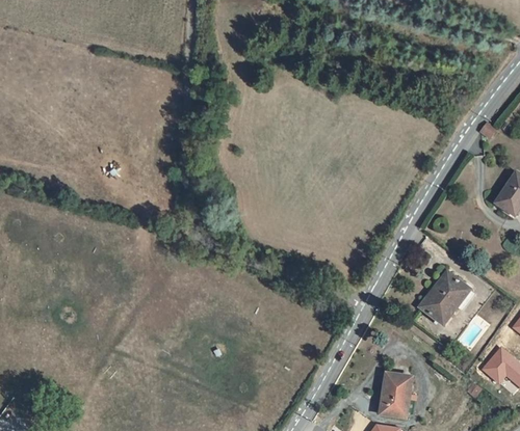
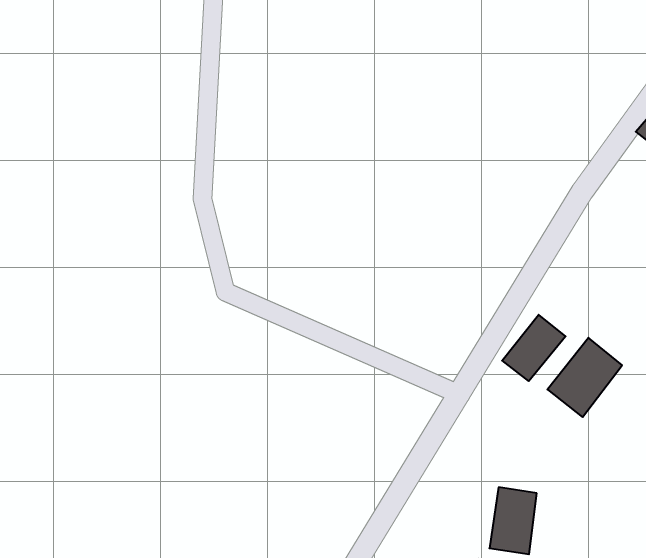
building: none -> [502,315,566,381]

